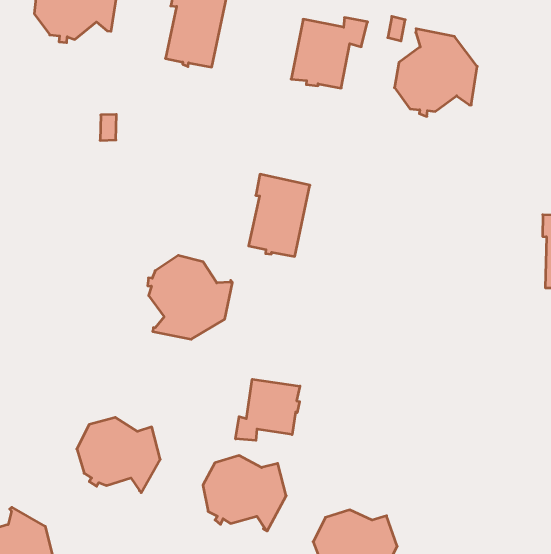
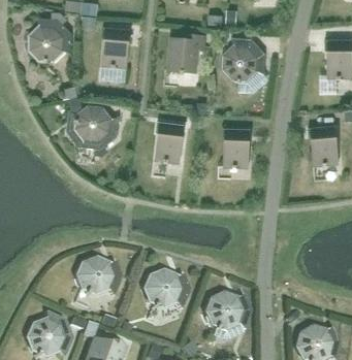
building: none -> [218,130,248,170]
building: [148,255,232,339] -> [74,106,119,150]
building: [236,379,300,440] -> none

